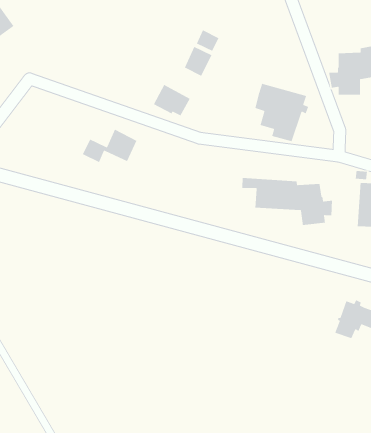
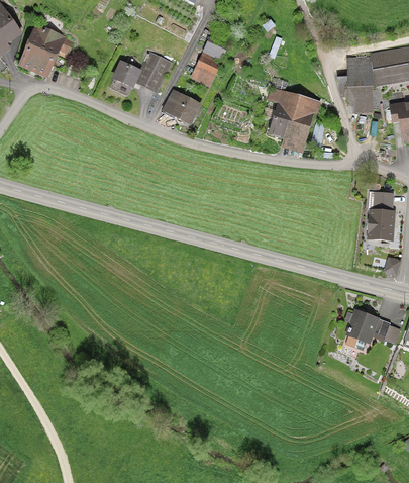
building: none -> [20,26,76,75]
building: [82,129,137,163] -> [113,52,170,87]
building: [241,177,333,226] -> none

